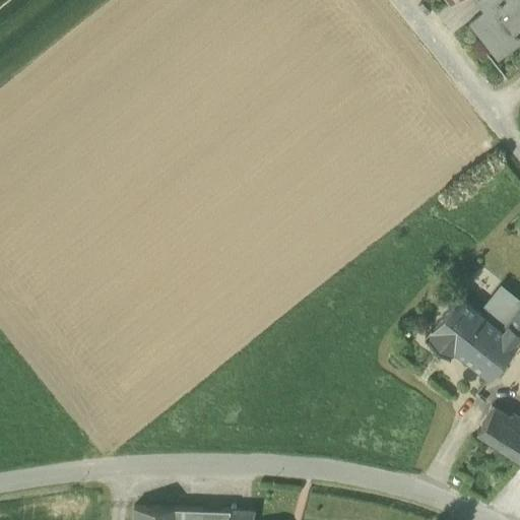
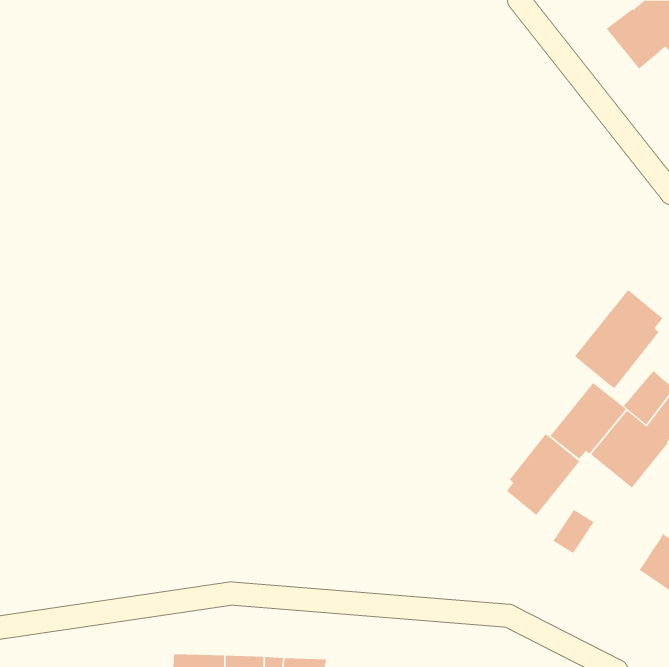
building: none -> [574,289,663,389]
building: none -> [506,433,580,516]
building: [479,409,512,444] -> [553,509,595,554]

